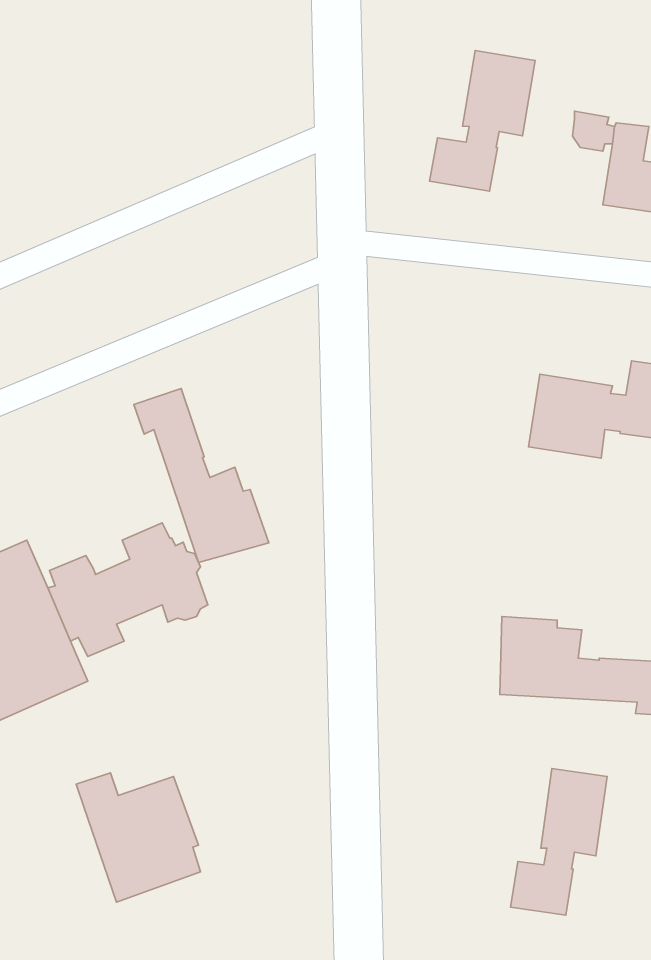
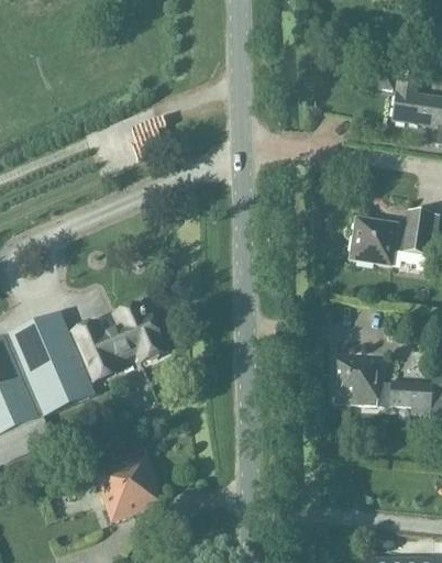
building: [430,50,535,191] -> none
building: [134,389,269,563] -> none
building: [511,769,607,915] -> none

